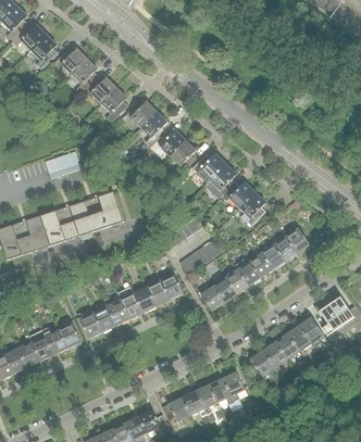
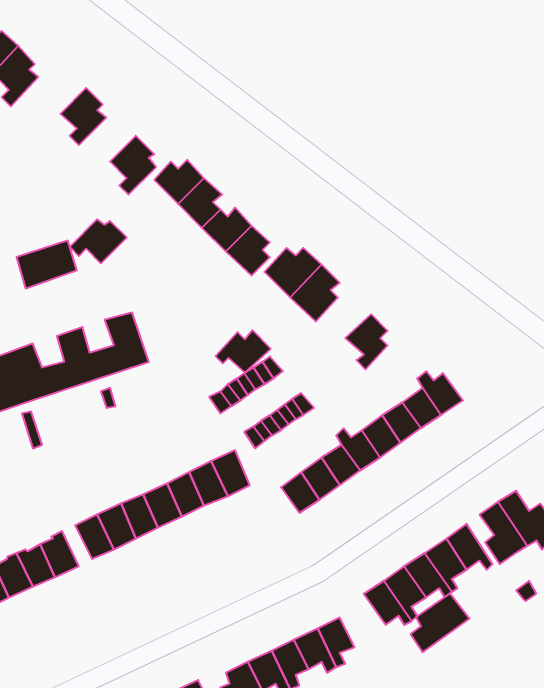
building: [51,47,86,74] -> none
building: [82,76,115,102] -> [70,219,127,263]
building: [222,181,254,206] -> [216,330,271,373]
building: none -> [411,593,470,652]

